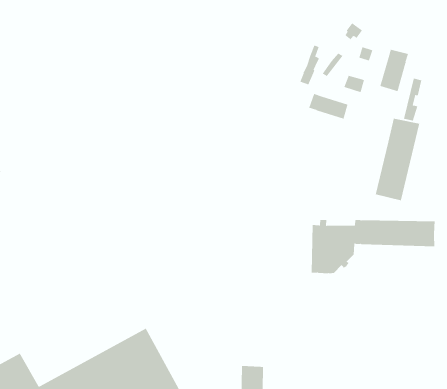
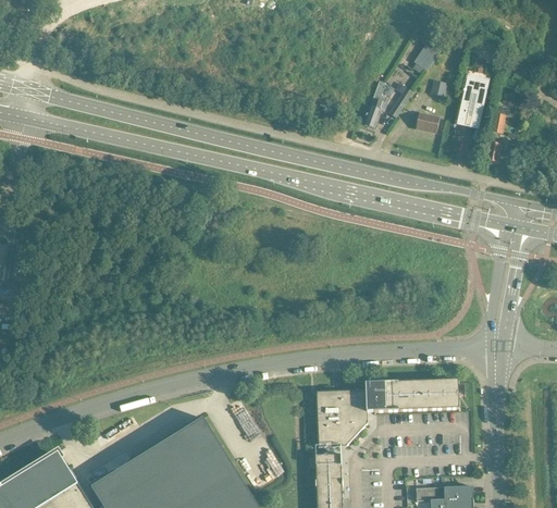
building: [309,93,348,120] -> none
building: [375,118,420,201] -> none
building: [311,219,436,274] -> [315,379,459,446]

